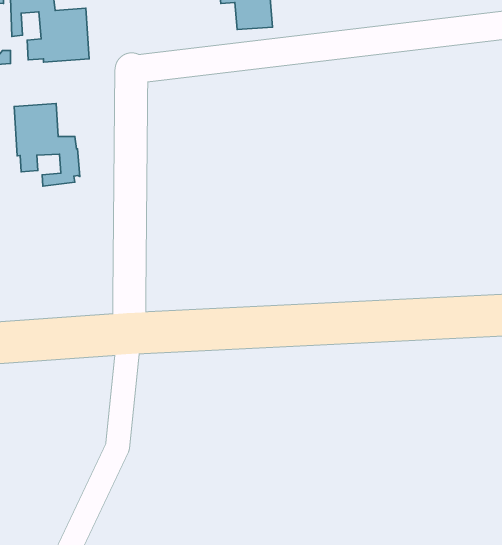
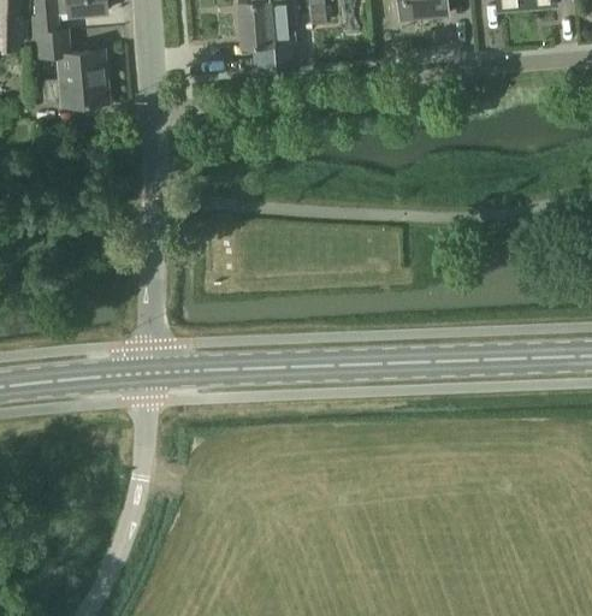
building: [14,104,80,186] -> none

